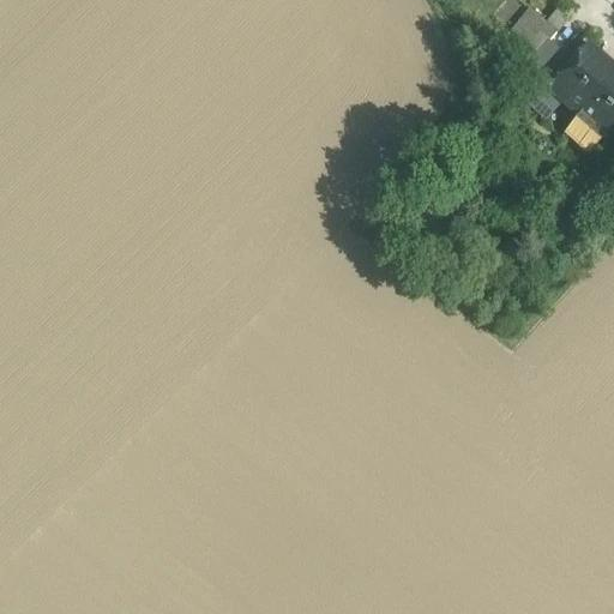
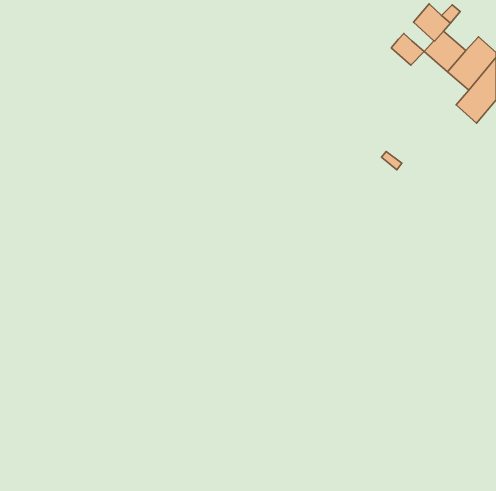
building: none -> [391,34,424,65]

